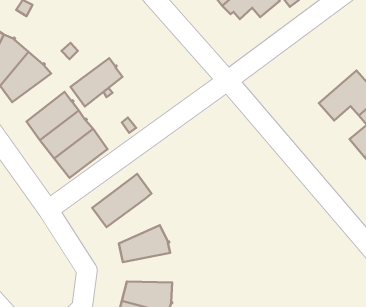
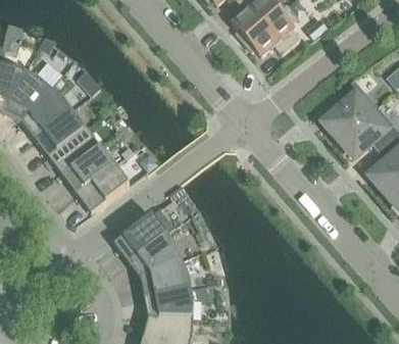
building: none -> [323,79,377,139]
building: [70,58,123,106] -> [34,109,86,157]
building: none -> [128,234,181,279]
building: none -> [144,288,194,317]

